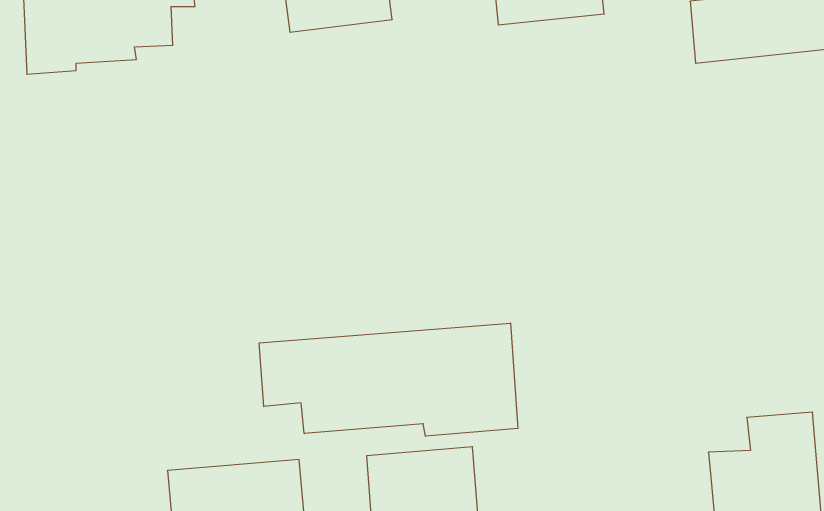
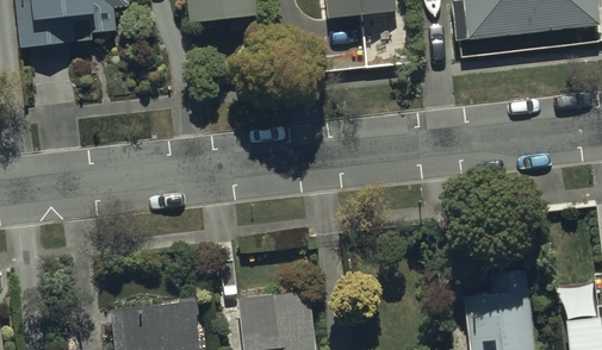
building: [259,323,518,436] -> none

